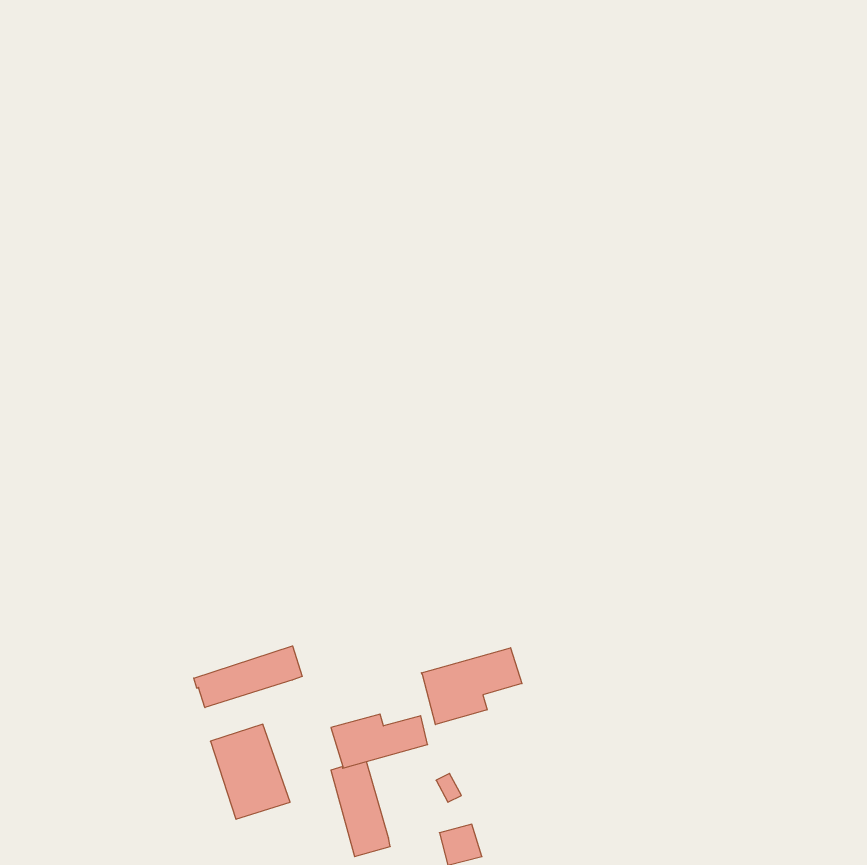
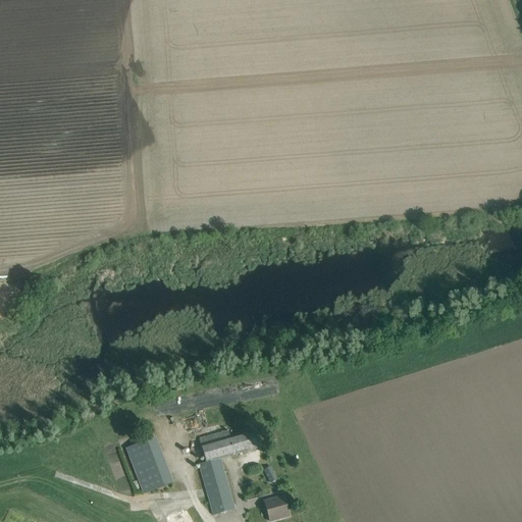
building: [194,646,302,708] -> none
building: [421,648,522,725] -> none

